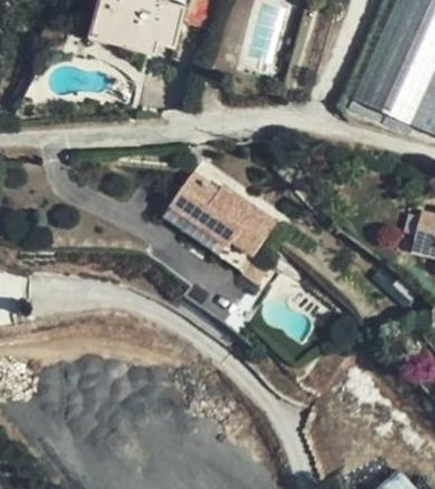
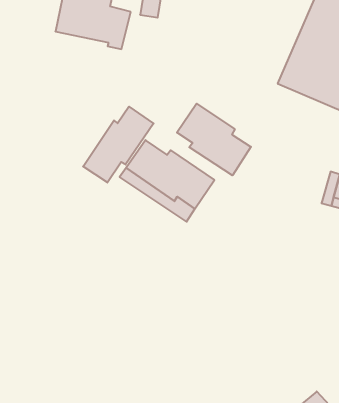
building: none -> [177,104,251,175]
building: none -> [83,107,154,183]

